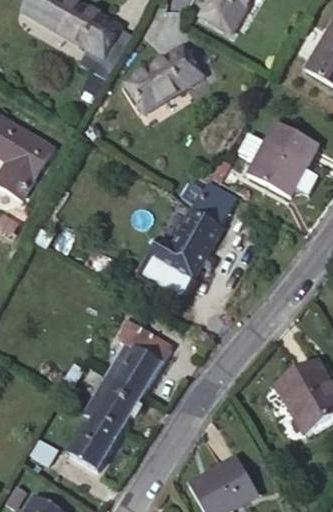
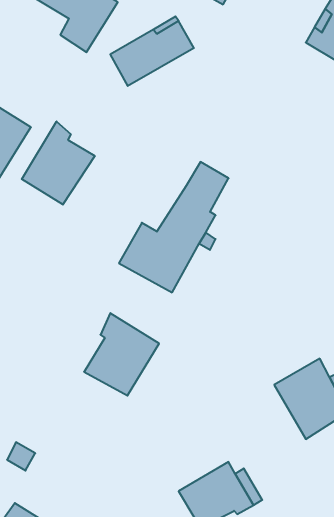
building: [245,121,320,198] -> none
building: none -> [22,121,95,205]
building: [71,372,142,467] -> none

